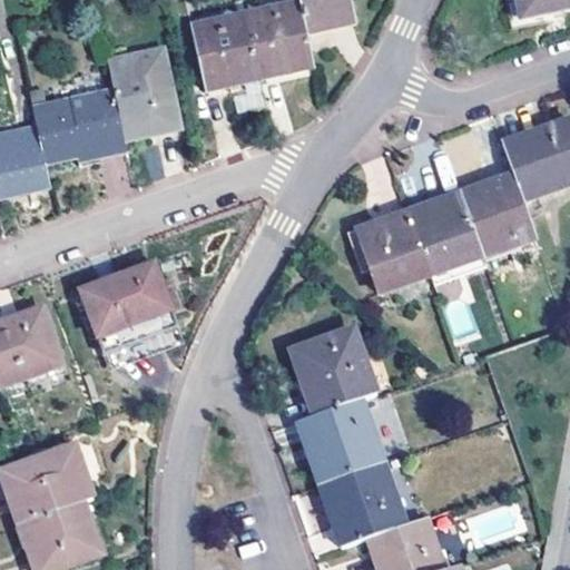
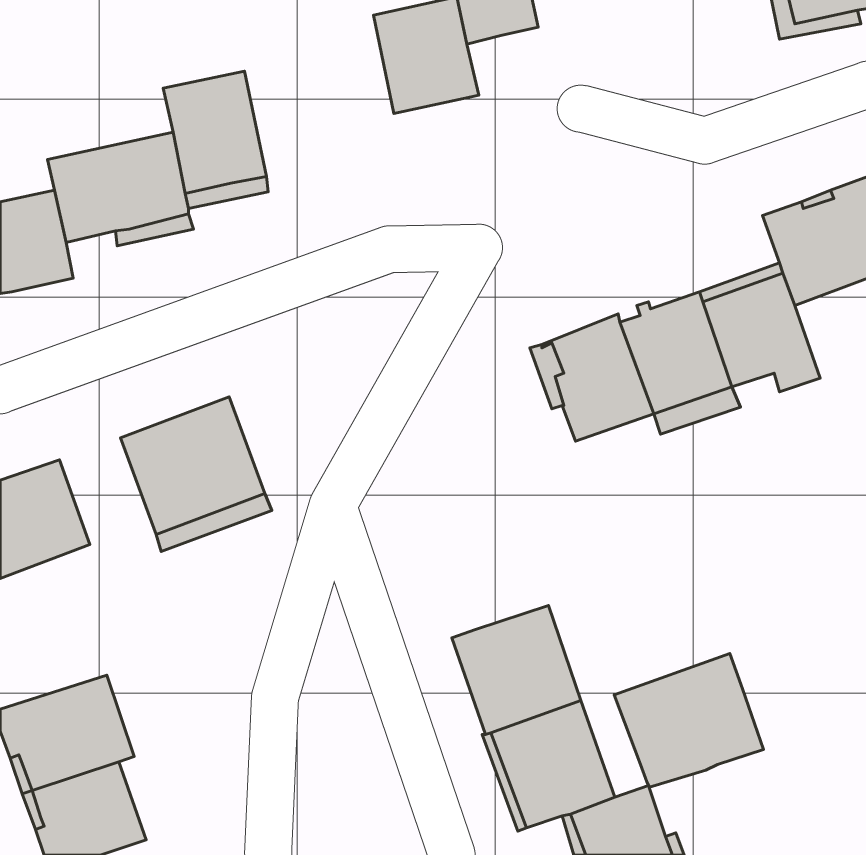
building: [190,10,259,87] -> none
building: [291,327,375,413] -> none
building: none -> [614,654,764,787]

